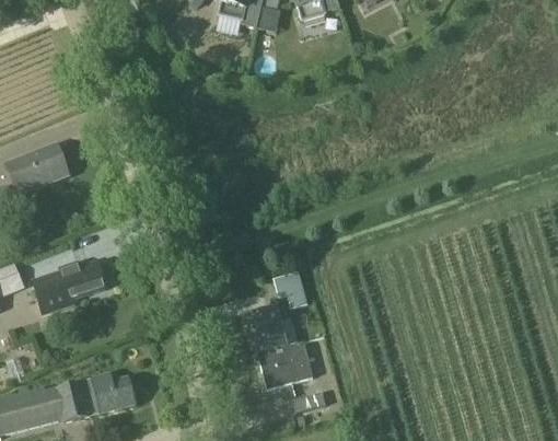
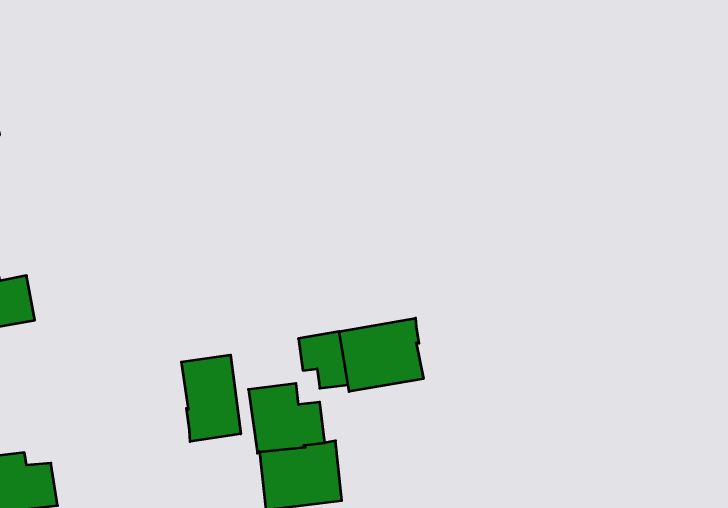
building: none -> [339,318,423,392]
building: none -> [181,355,241,442]

